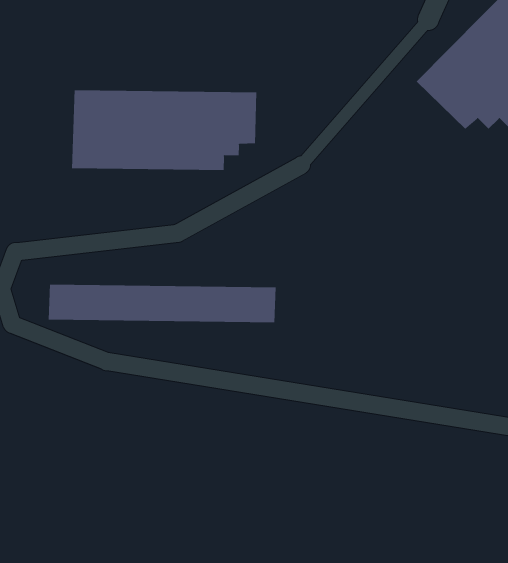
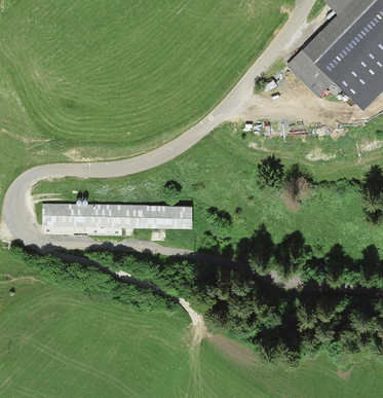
building: [72,90,257,171] -> none

